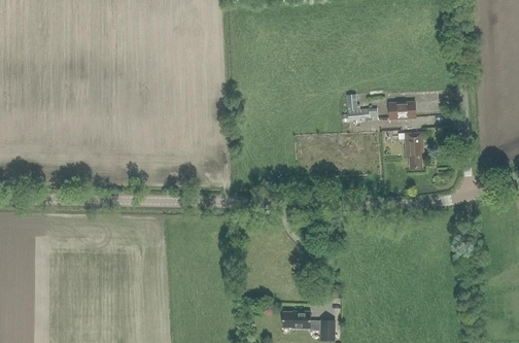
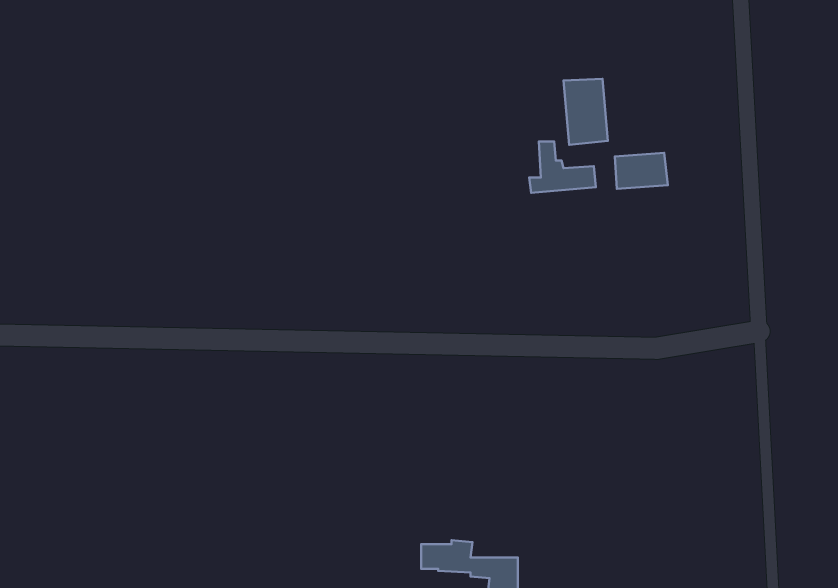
building: none -> [563,79,608,145]
building: [404,132,423,168] -> none

